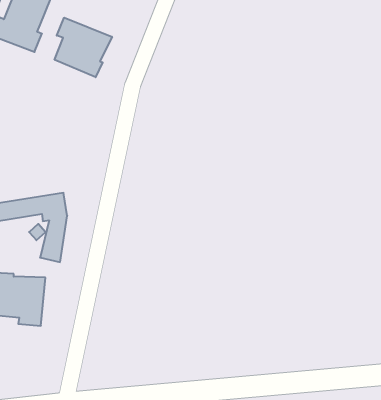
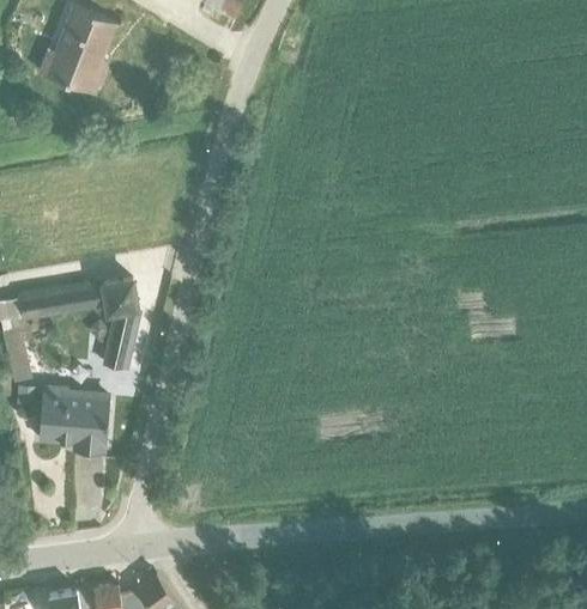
building: [55,18,112,77] -> none

